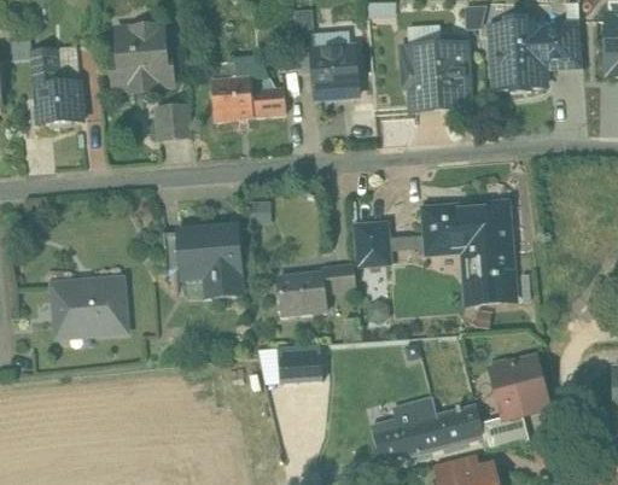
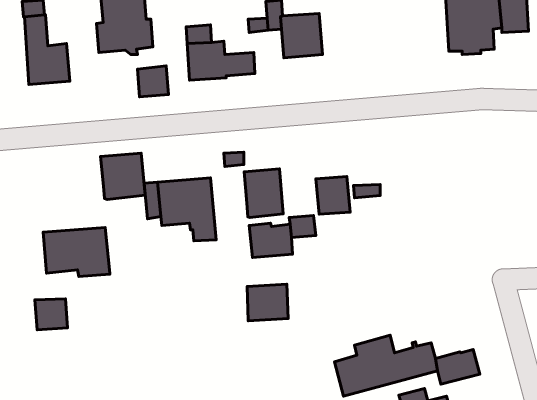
building: [406,40,468,111] -> none
building: none -> [101,153,145,199]
building: [424,205,506,303] -> none
building: none -> [244,169,283,218]
building: [491,357,547,416] -> none
building: none -> [35,299,68,330]

